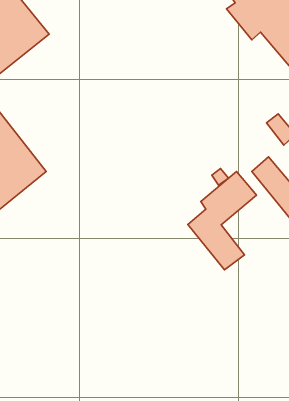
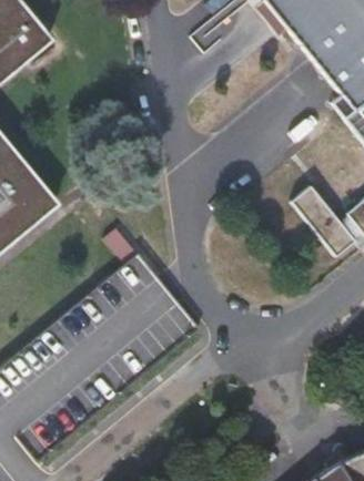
building: [188,172,257,270] -> none

